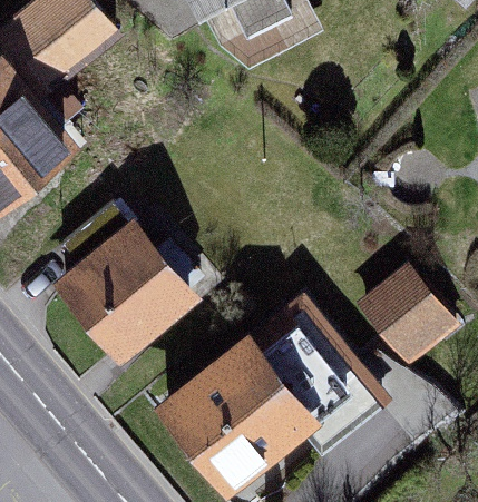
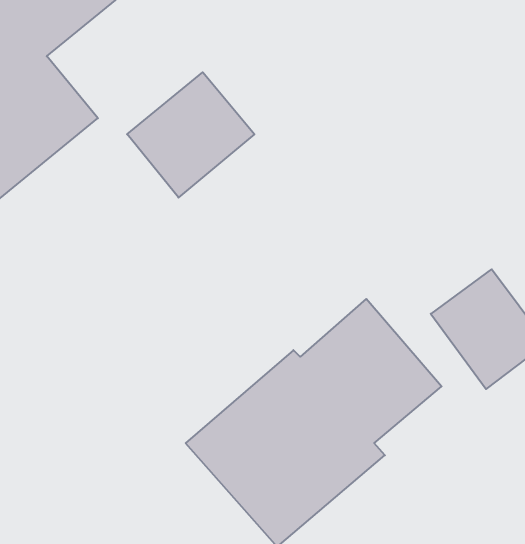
building: none -> [127,72,254,198]
building: [55,219,198,364] -> none

